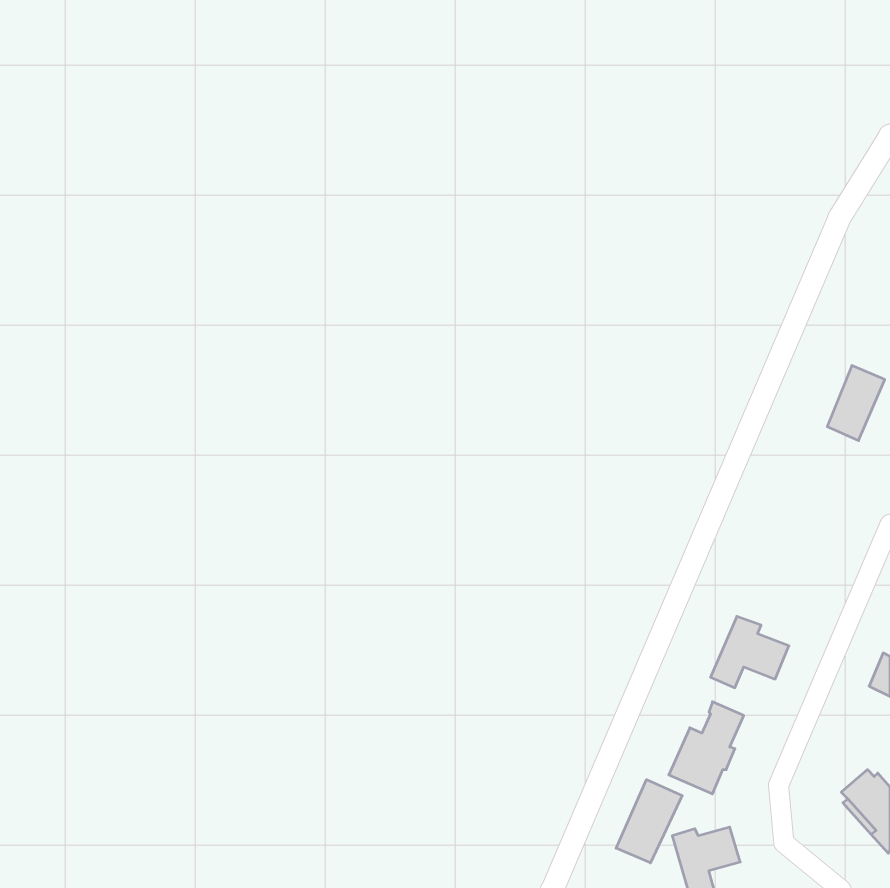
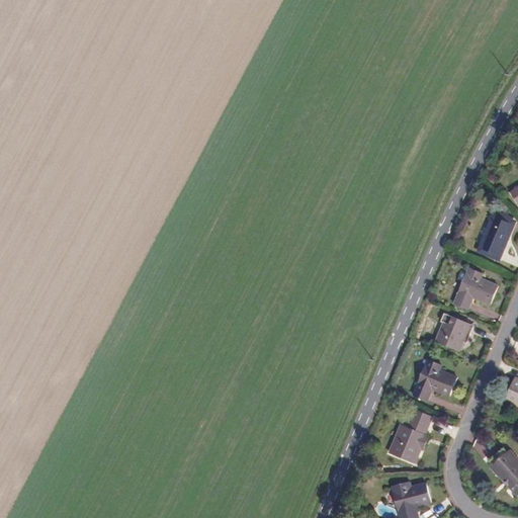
building: none -> [453,266,498,307]
building: none -> [434,318,473,350]
building: [616,780,682,863] -> none

